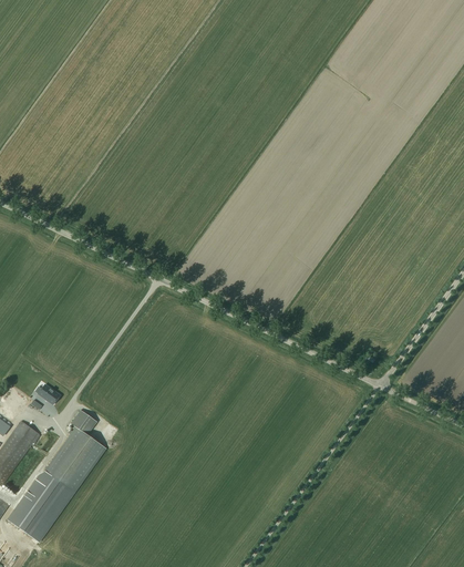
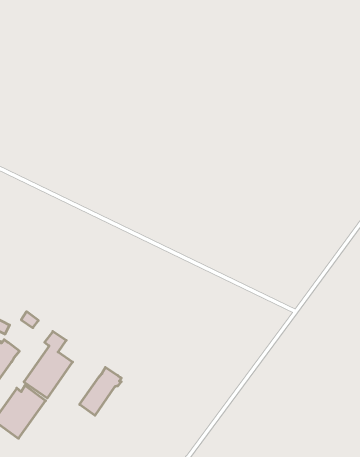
building: none -> [80,367,121,415]

